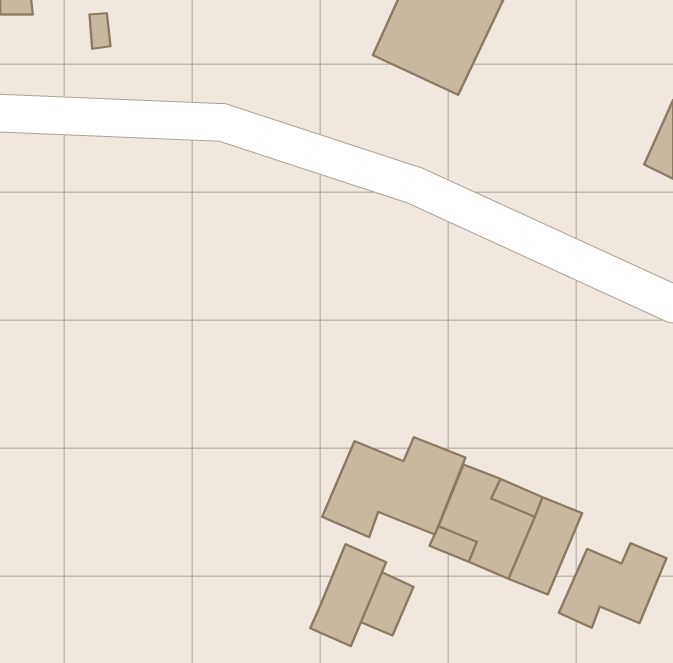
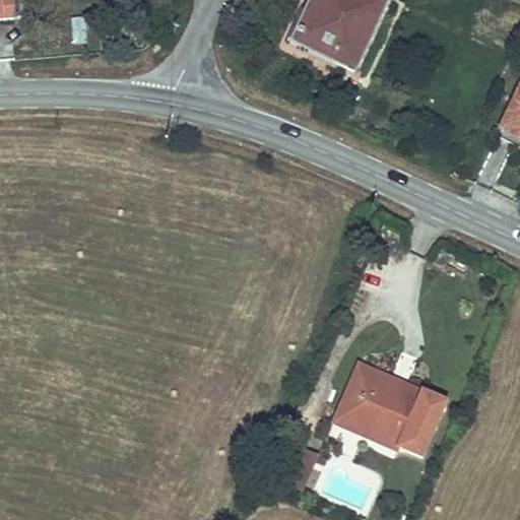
building: [322,437,466,537] -> none
building: [559,543,667,628] -> none
building: [310,544,386,646] -> none

